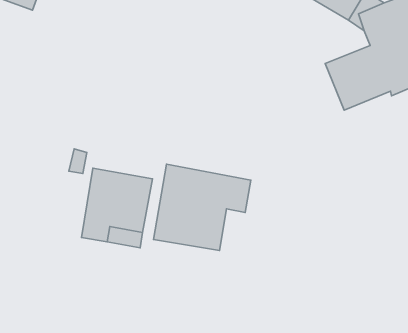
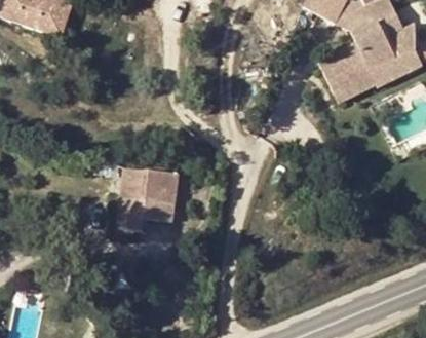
building: [153,164,251,250] -> none

